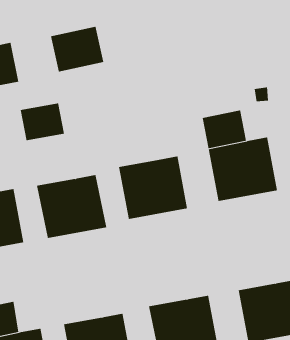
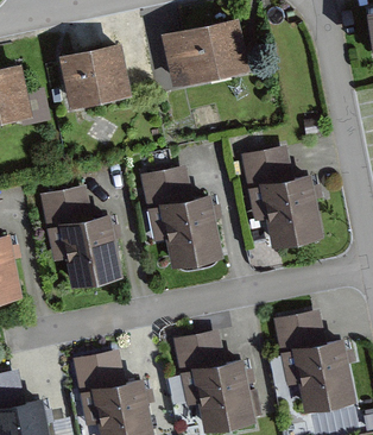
building: none -> [165,19,238,72]
building: [20,103,65,141] -> [38,188,91,233]
building: none -> [135,165,189,210]
building: none -> [278,313,330,358]
building: none -> [172,332,225,377]
building: none -> [70,353,124,398]

